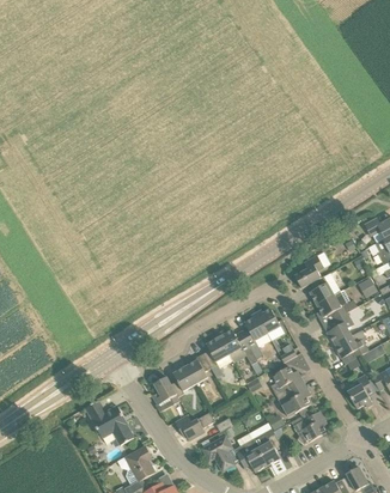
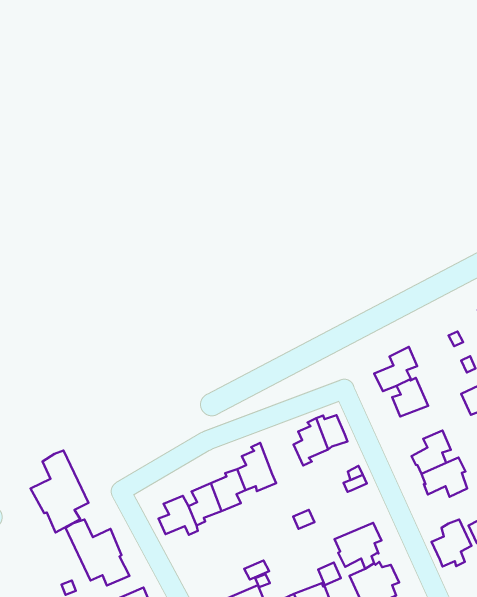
building: [316,291,358,318] -> none
building: [218,329,257,364] -> none
building: none -> [31,450,88,532]
building: [270,365,304,396] -> none
building: [175,412,214,439] -> none

